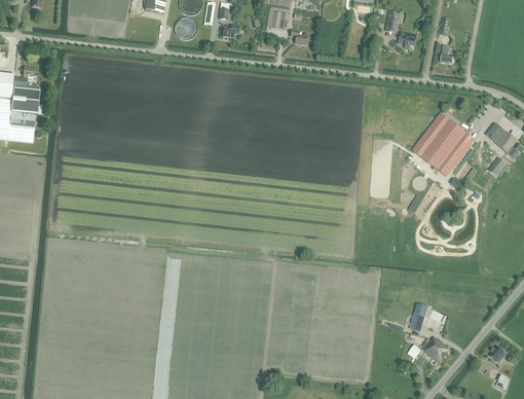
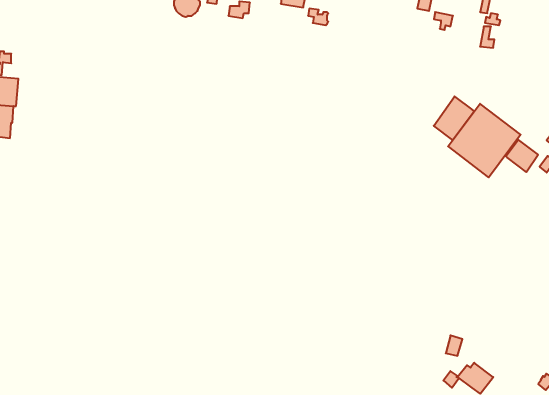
building: none -> [434,96,474,140]
building: none -> [506,140,538,172]

